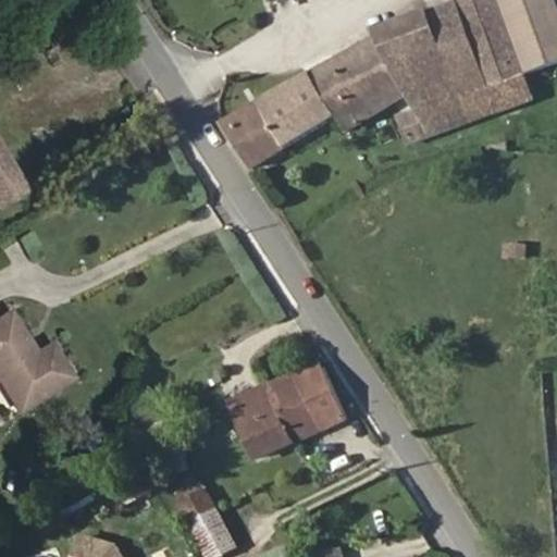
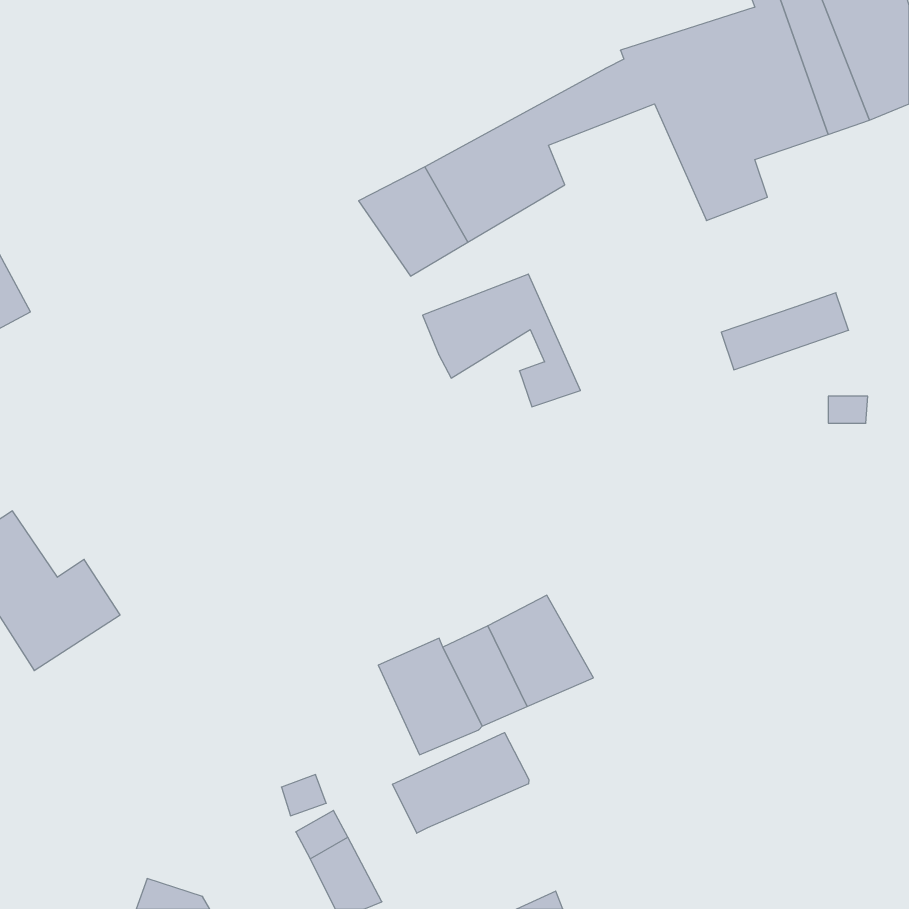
building: [333,63,429,144] -> [423,274,580,407]
building: [458,73,535,120] -> [721,293,849,370]
building: none -> [393,733,529,833]

